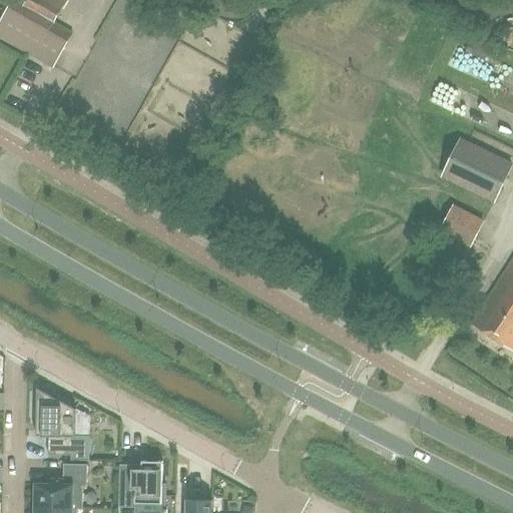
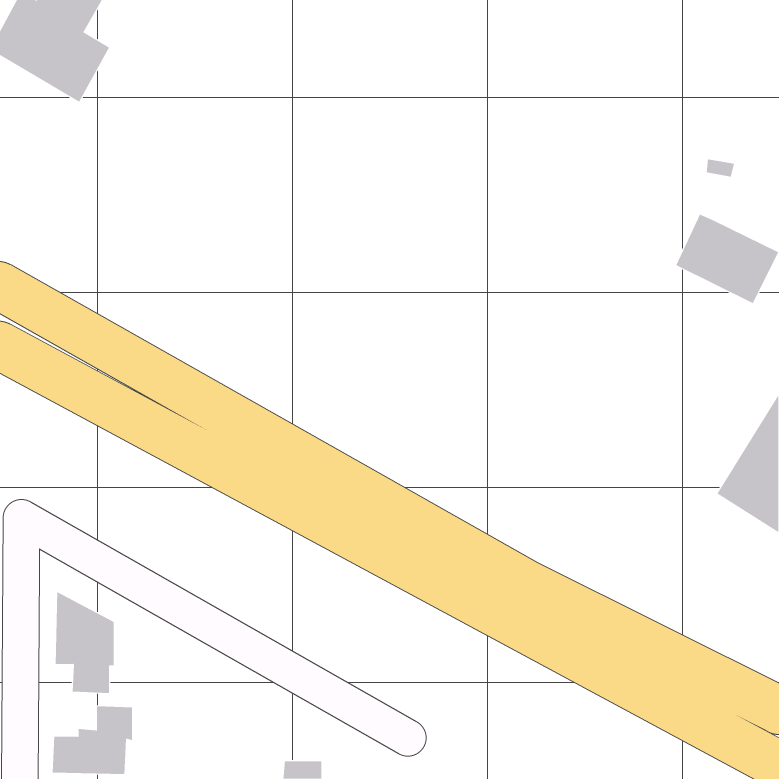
building: [438,203,484,247] -> none
building: [118,460,166,507] -> none

